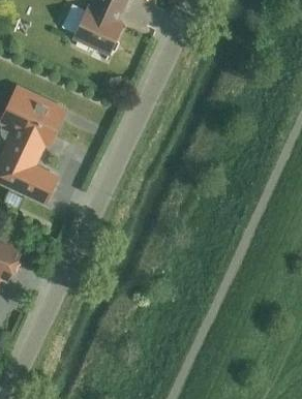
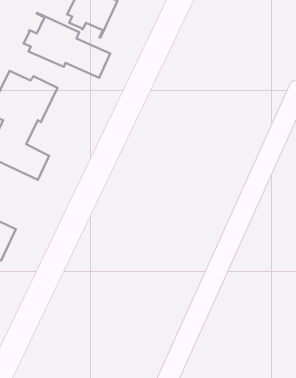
building: none -> [24,13,110,78]

